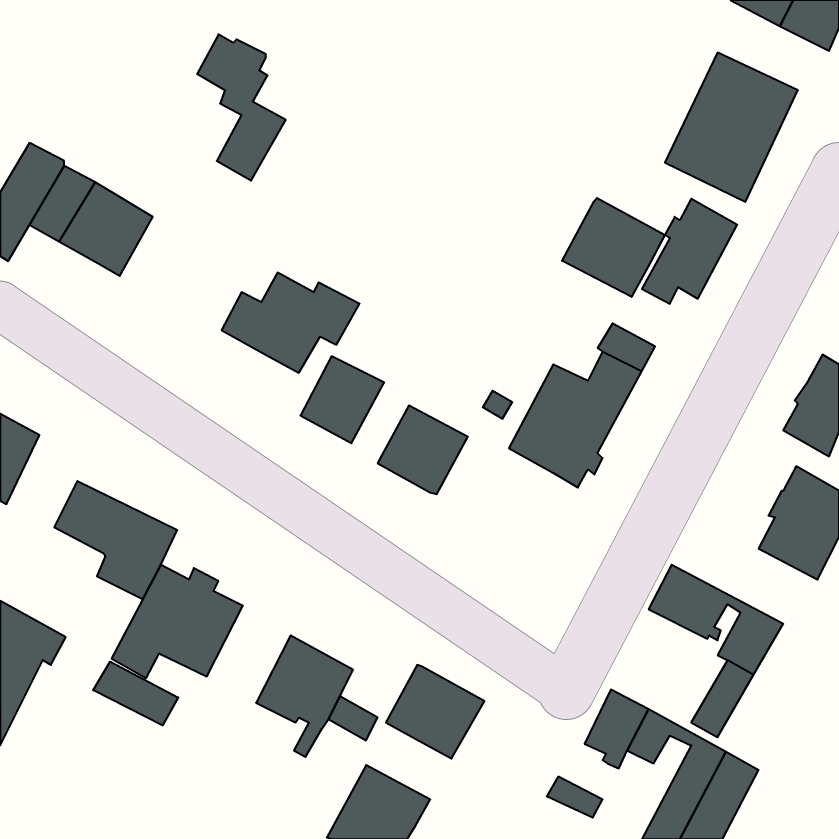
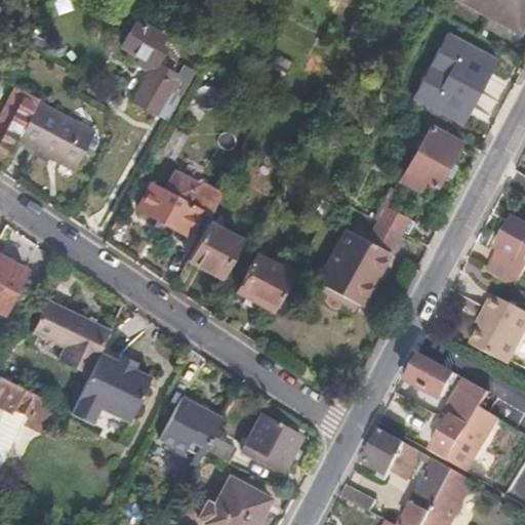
building: [562,198,665,297] -> none
building: none -> [448,407,497,471]
building: [93,662,178,725] -> none

